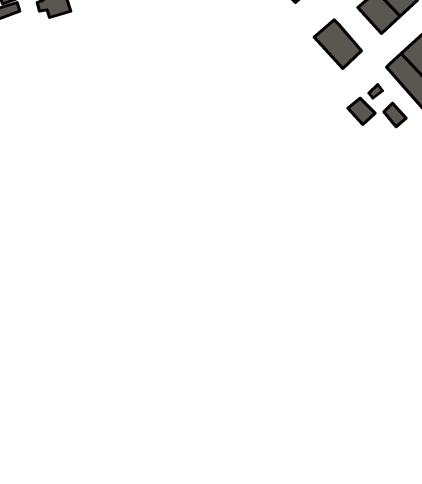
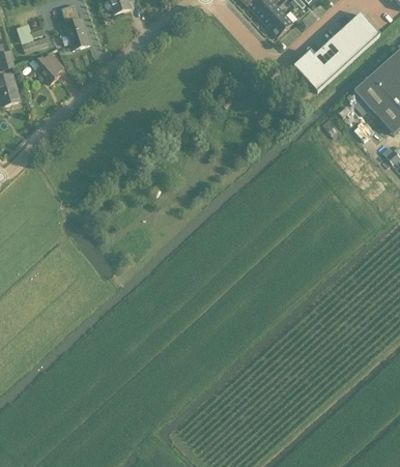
building: none -> [314,39,349,76]
building: none -> [36,51,62,81]

